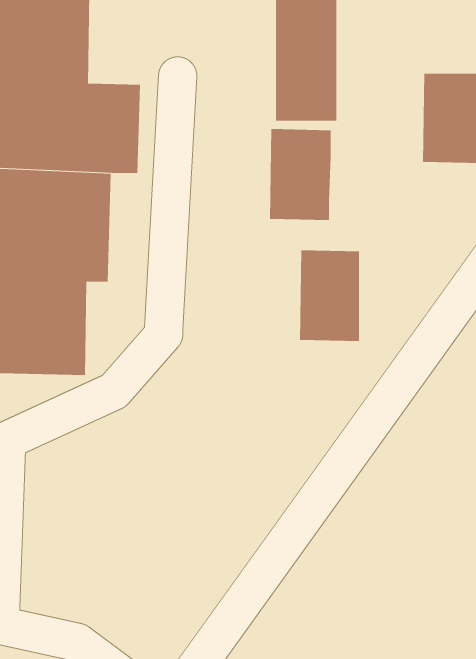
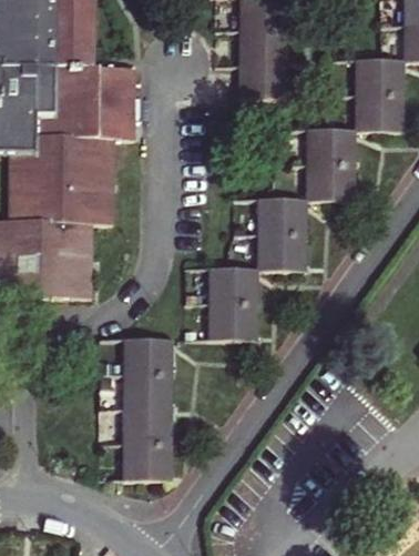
building: [269,129,331,220] -> [306,128,355,200]
building: none -> [209,267,258,338]
building: none -> [123,338,172,478]

